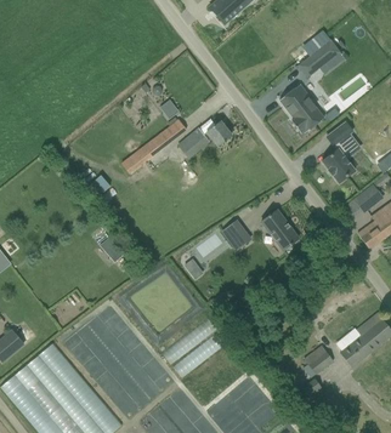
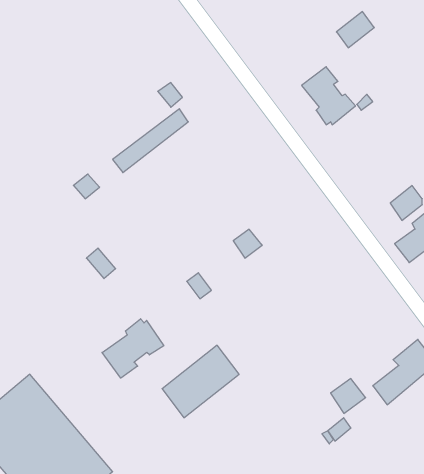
building: [177,118,231,159] -> none
building: [322,121,361,182] -> none
building: [261,209,299,250] -> none
building: none -> [102,319,164,378]

